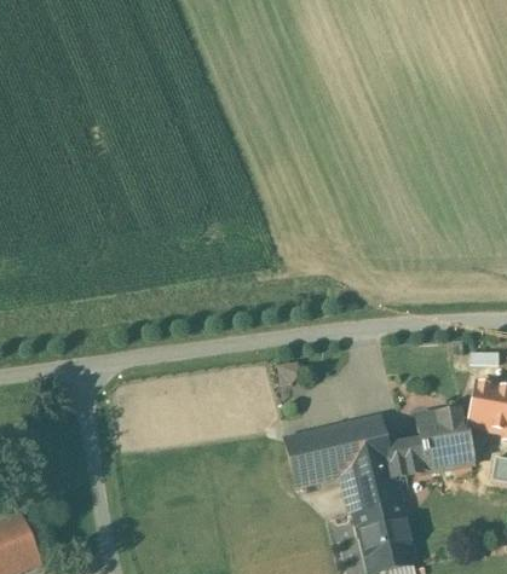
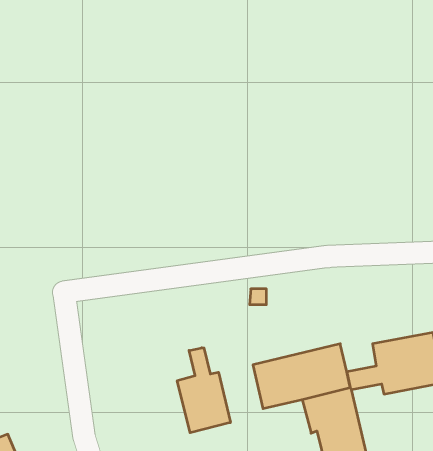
building: none -> [177,348,230,433]

